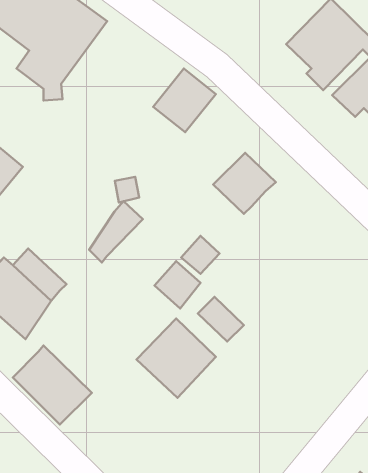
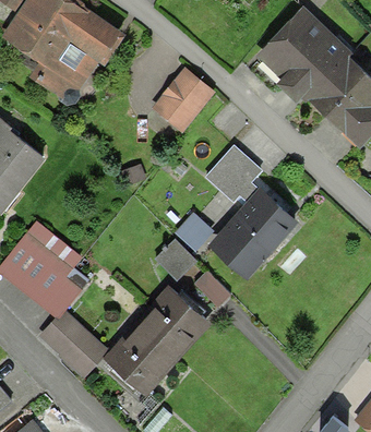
building: none -> [220,179,297,266]
building: [89,201,143,263] -> [46,264,92,316]
building: none -> [109,323,176,389]

